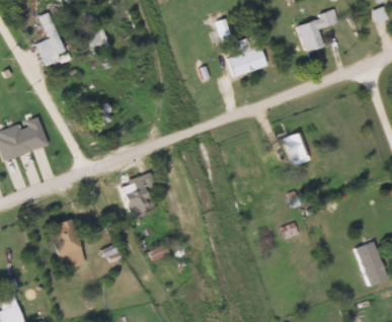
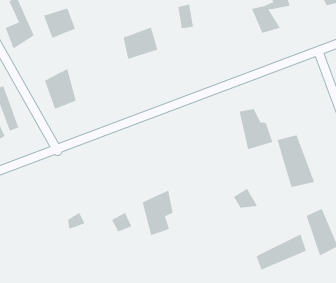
building: [228,44,265,78] -> [123,27,158,60]
building: none -> [277,134,315,188]
building: [122,167,155,216] -> [142,190,174,236]
building: [48,221,85,272] -> none
building: none -> [256,234,306,270]

